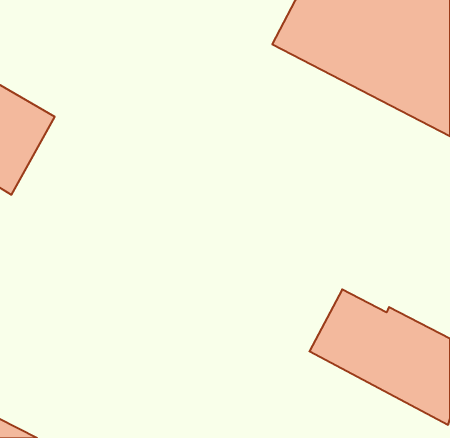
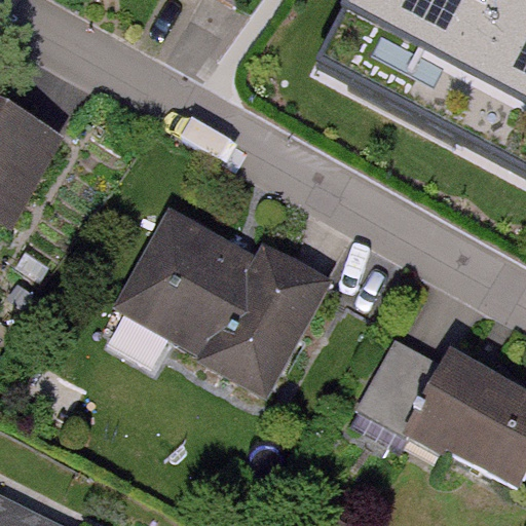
building: none -> [119,209,328,393]

